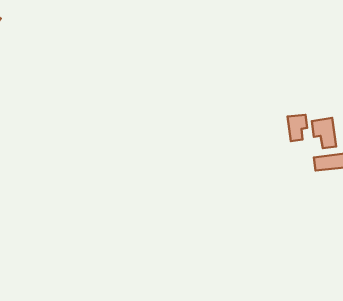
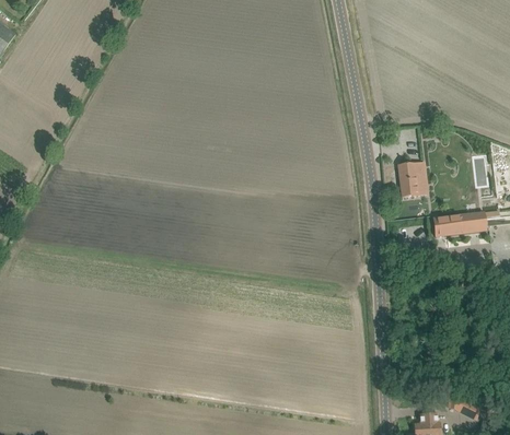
building: [312,118,336,148] -> none

